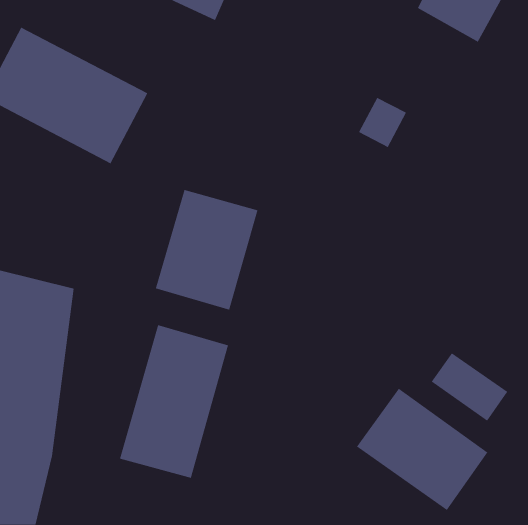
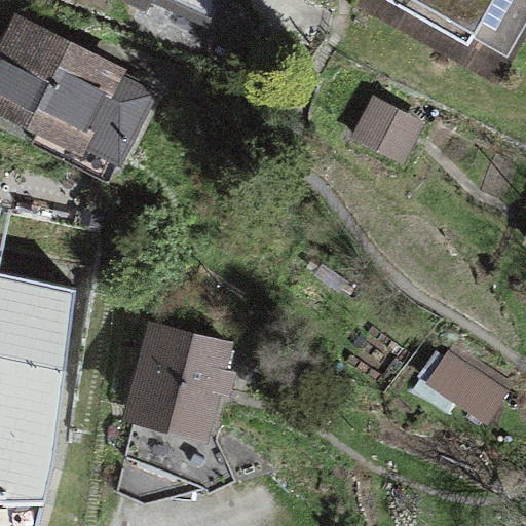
building: [155,189,258,311] -> none
building: [356,388,488,511] -> none

